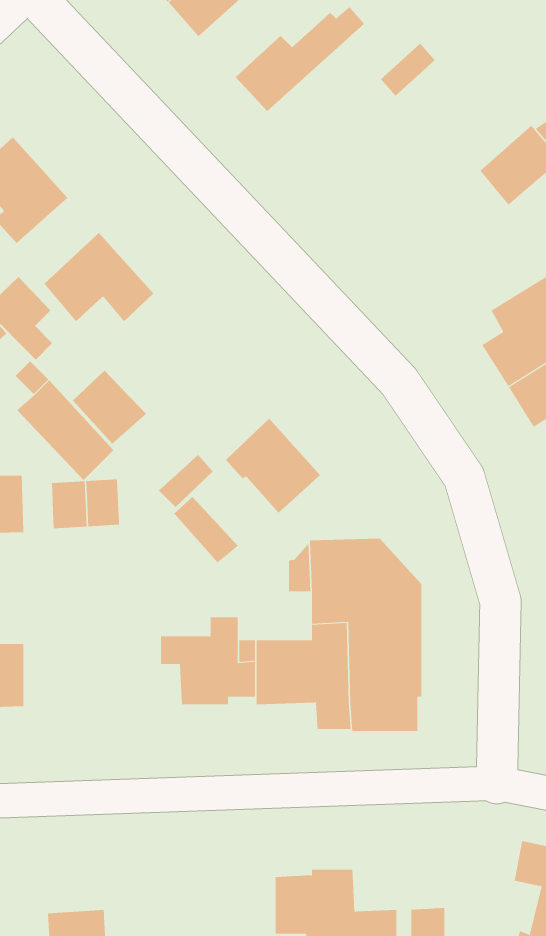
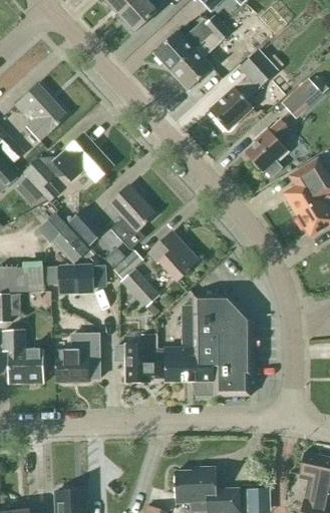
building: none -> [171,25,230,90]
building: none -> [209,50,278,131]
building: none -> [245,120,289,176]
building: none -> [109,184,155,250]
building: none -> [55,334,99,383]

